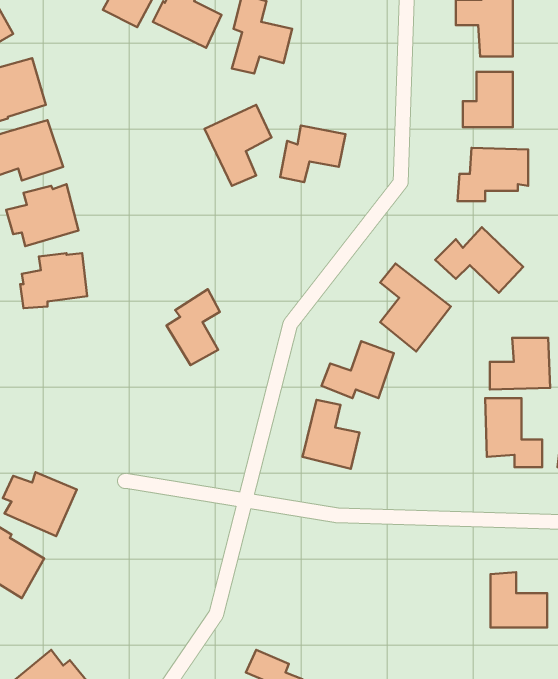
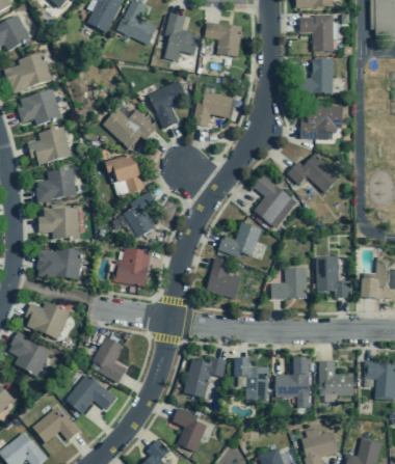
building: none -> [204,22,241,56]
building: none -> [102,108,156,148]
building: none -> [104,154,143,193]
building: none -> [38,208,78,239]
building: [490,338,550,389] -> [270,268,307,299]
building: none -> [36,247,82,279]
building: none -> [112,248,150,286]
building: none -> [91,336,126,383]
building: none -> [183,357,226,398]
building: none -> [274,358,309,407]
building: none -> [234,359,267,403]
building: none -> [64,374,115,413]

